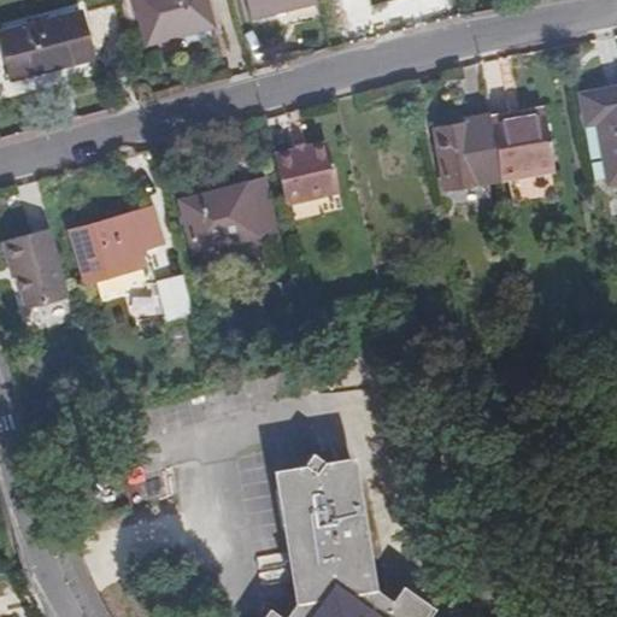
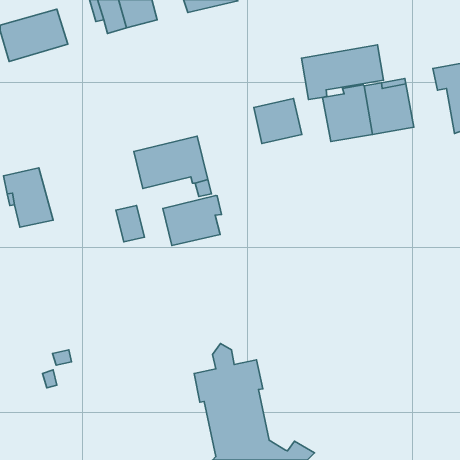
building: none -> [302,45,384,99]
building: [276,143,340,204] -> [254,98,302,144]
building: [76,211,161,282] -> none
building: none -> [163,196,222,246]

